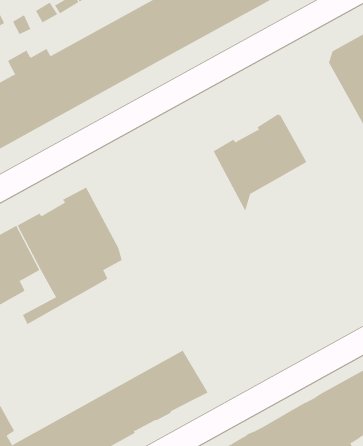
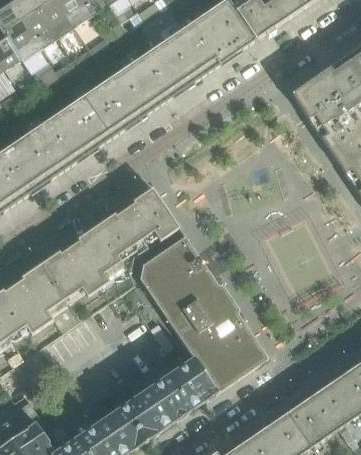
building: [213,114,307,212] -> [96,188,178,275]
building: none -> [138,235,266,391]

